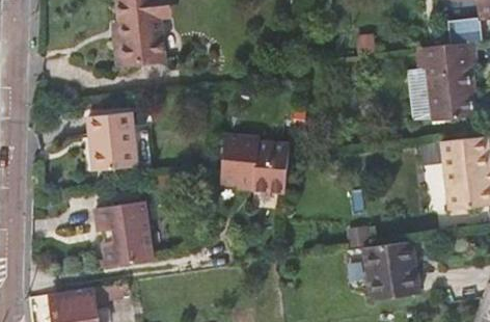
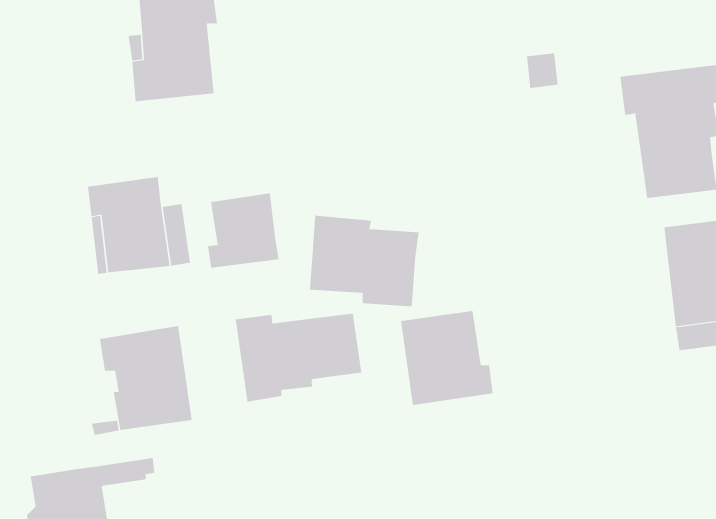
building: none -> [207,193,279,268]
building: none -> [235,313,362,403]
building: [364,241,421,299] -> [400,311,493,405]

